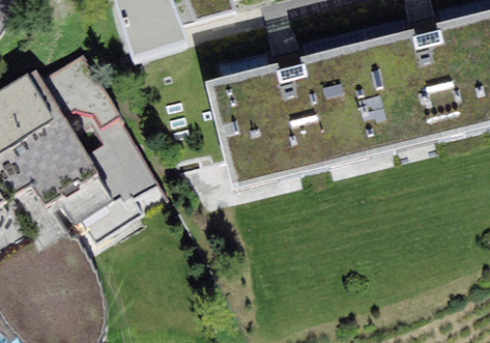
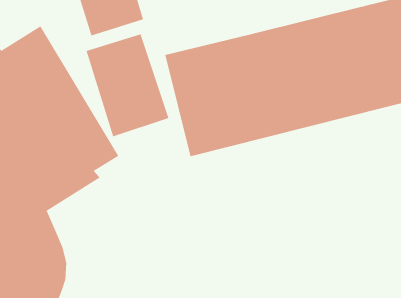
building: none -> [86,33,169,137]

